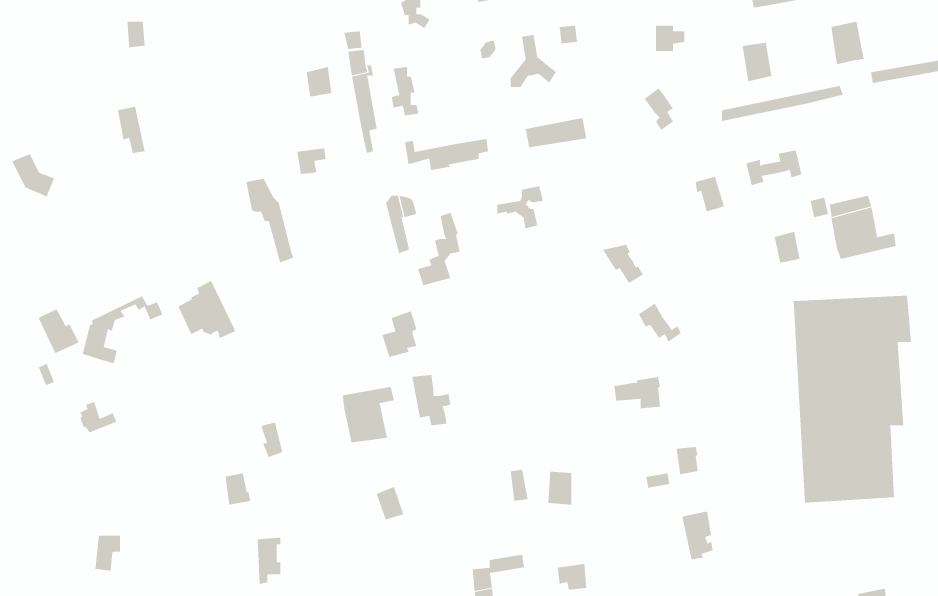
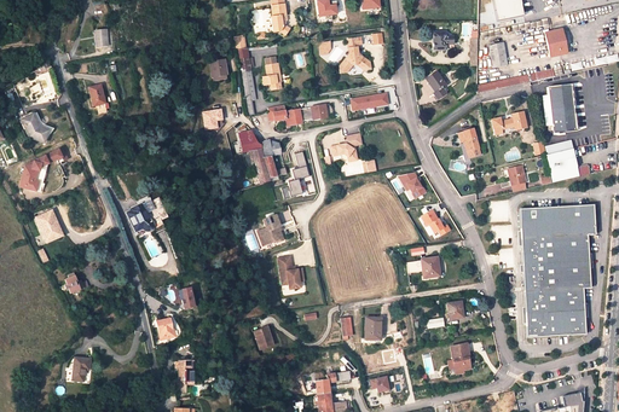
building: none -> [549,83,575,132]
building: [245,178,295,263] -> [238,129,270,184]
building: [82,296,163,364] -> [19,147,71,191]
building: [342,386,395,443] -> none

